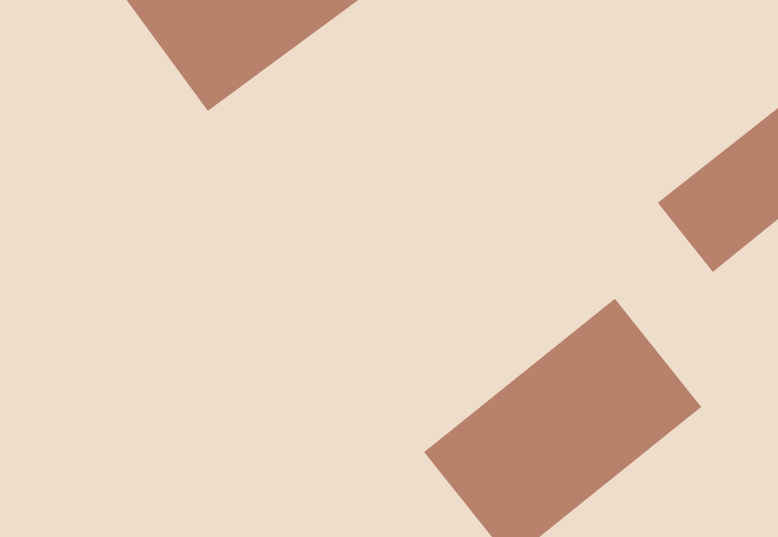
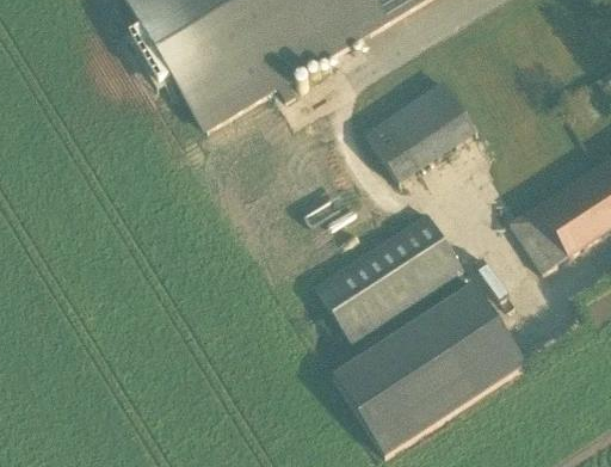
building: none -> [365,81,476,184]
building: none -> [311,210,463,343]

